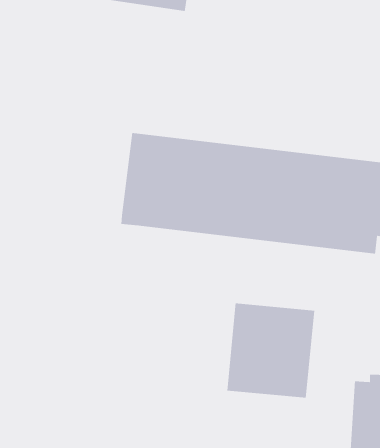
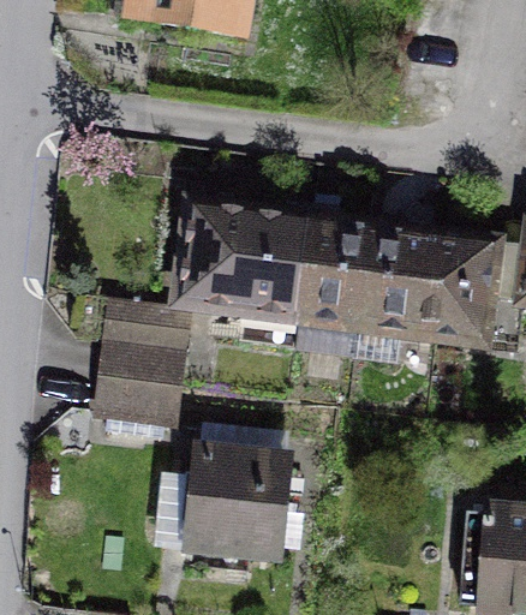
building: none -> [91,294,192,428]
building: [226,303,315,398] -> [184,444,297,566]

